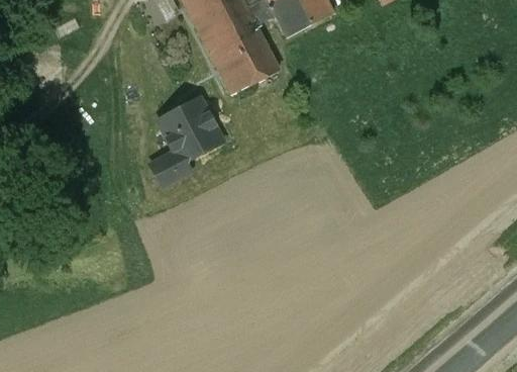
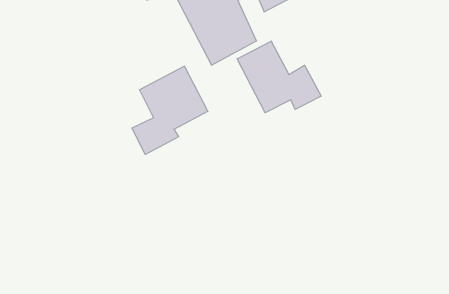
building: none -> [237,41,321,113]

